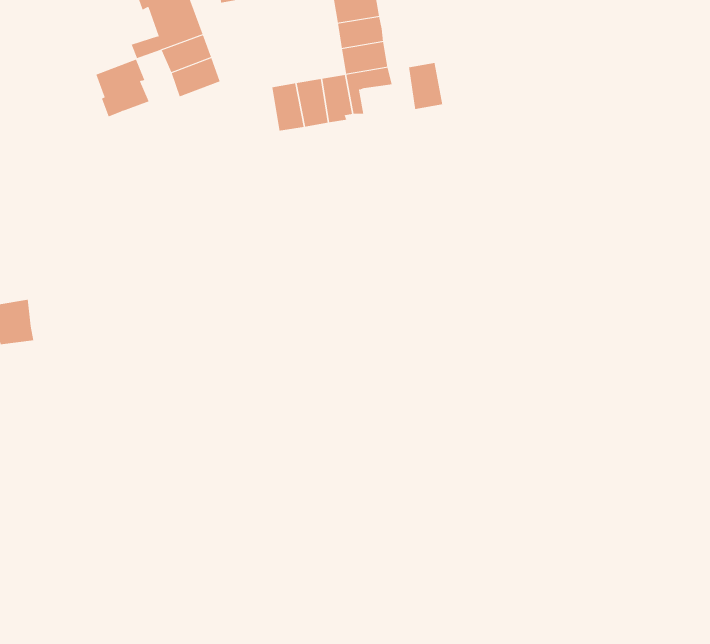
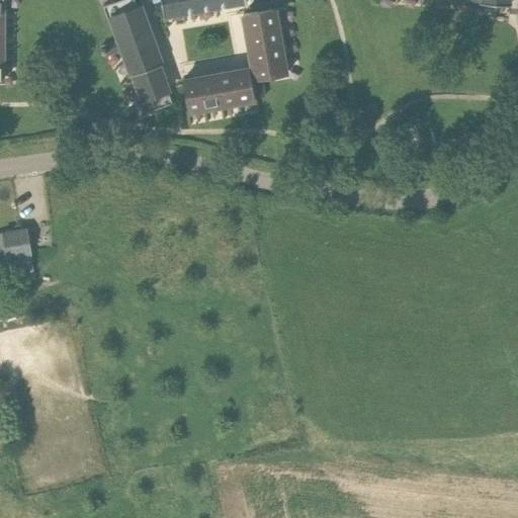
building: [95,59,149,117] -> [135,74,173,115]
building: [409,62,443,110] -> none
building: none -> [182,78,205,112]

